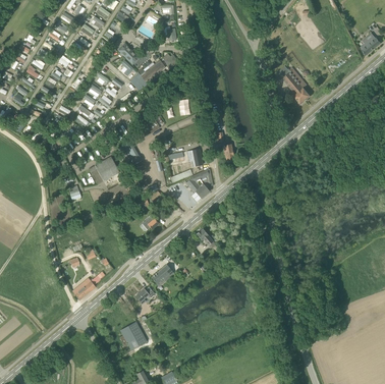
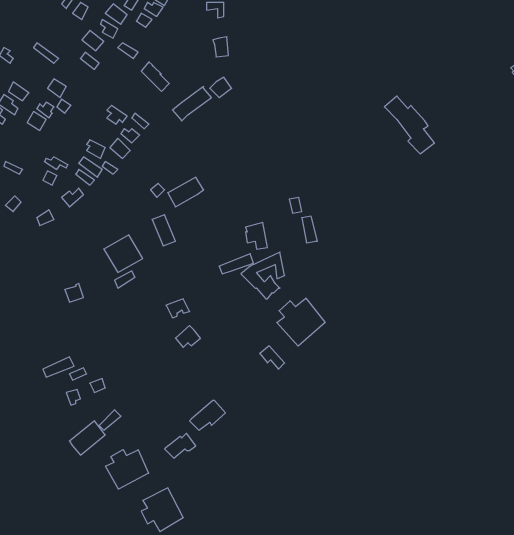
building: none -> [277,298,325,346]
building: none -> [106,450,149,489]

